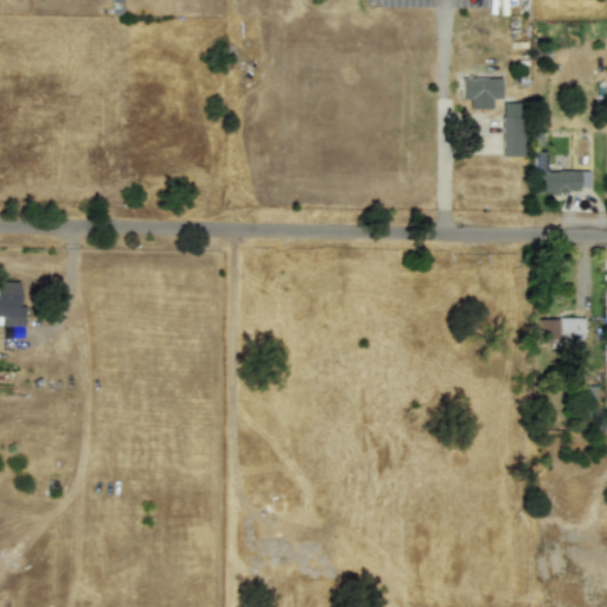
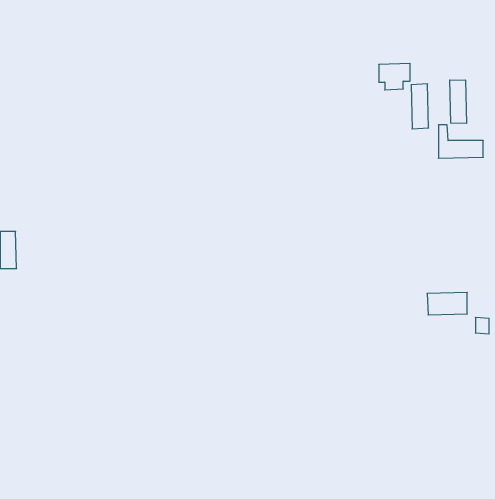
building: none -> [450,80,466,123]
building: [538,318,587,345] -> [427,292,467,315]

